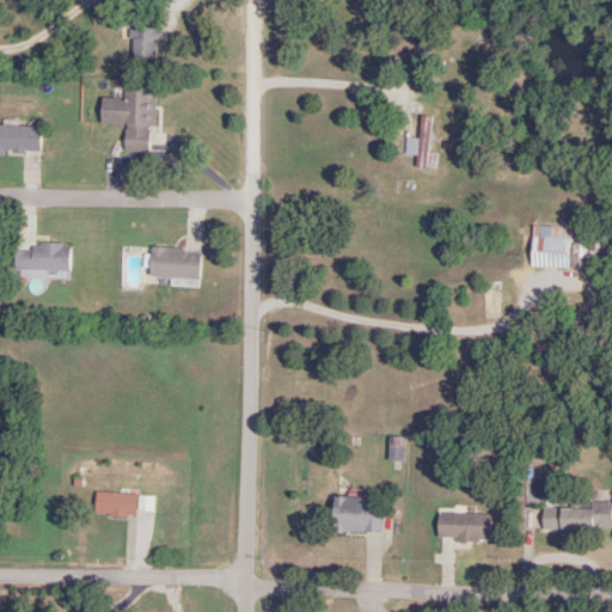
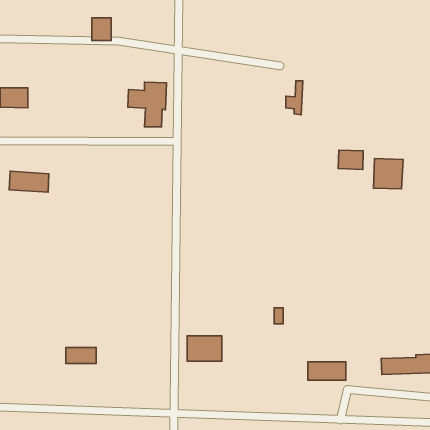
building: [100,86,155,149] -> [128,82,166,127]
building: none -> [338,150,363,169]
building: [149,247,201,277] -> none
building: [333,496,382,532] -> [187,336,222,361]

